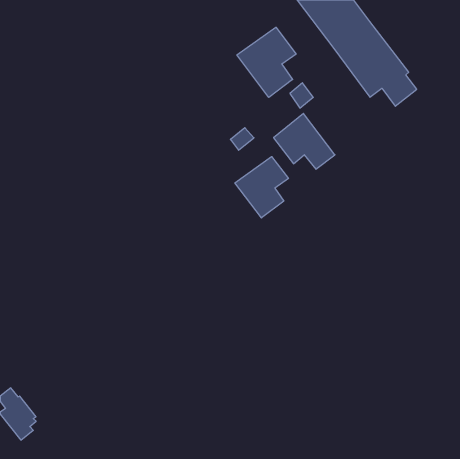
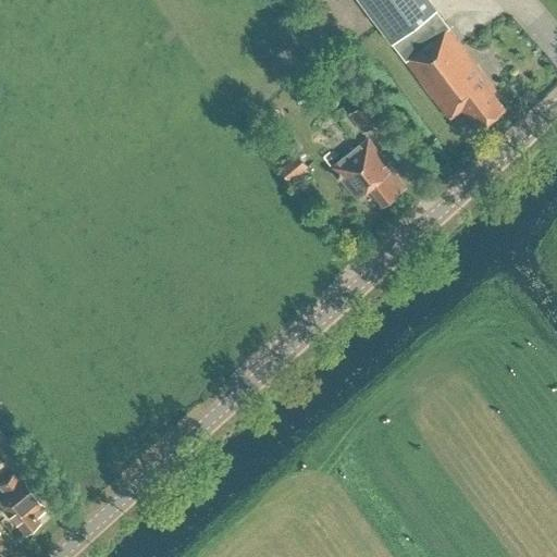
building: [237,27,296,97] -> none
building: [235,157,288,218] -> none

